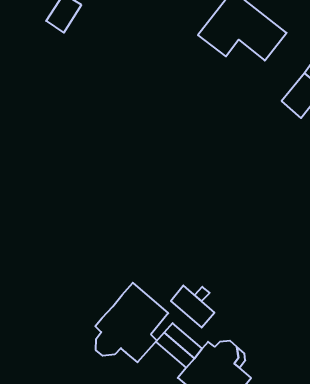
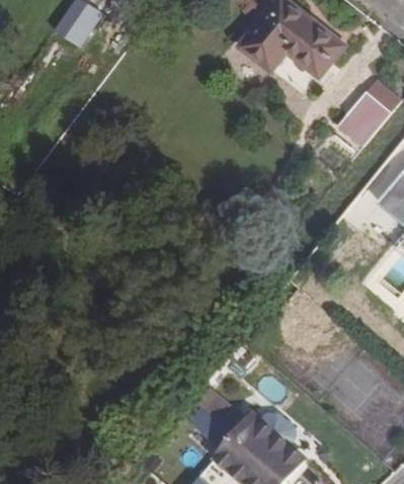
building: [95,283,168,362] -> none
building: [171,285,214,328] -> none

